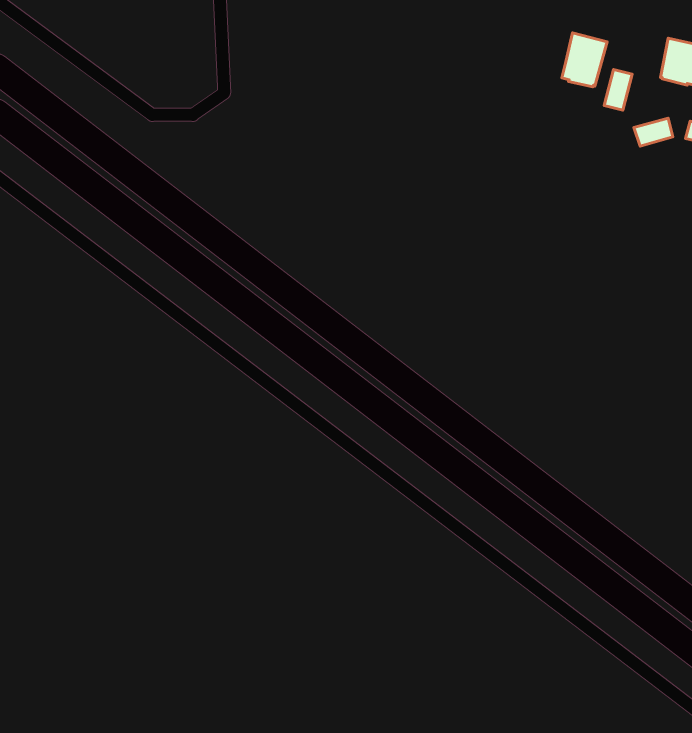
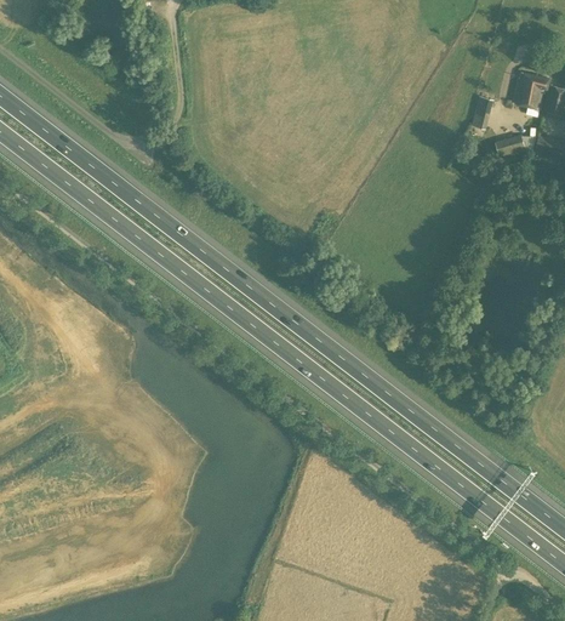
building: [562,33,607,87] -> none

